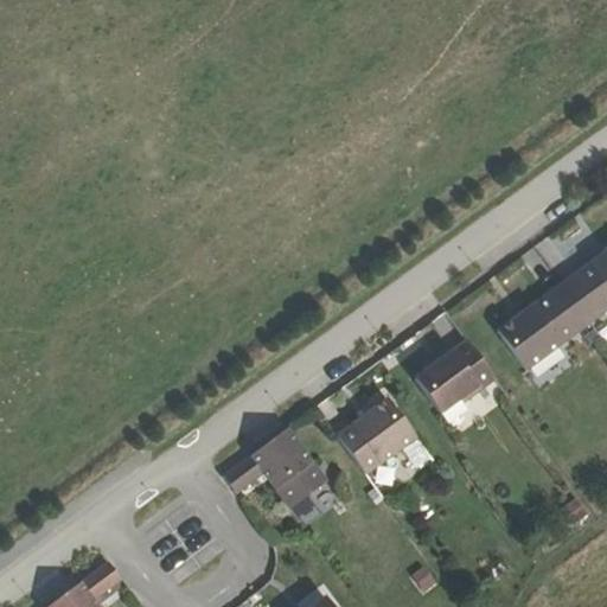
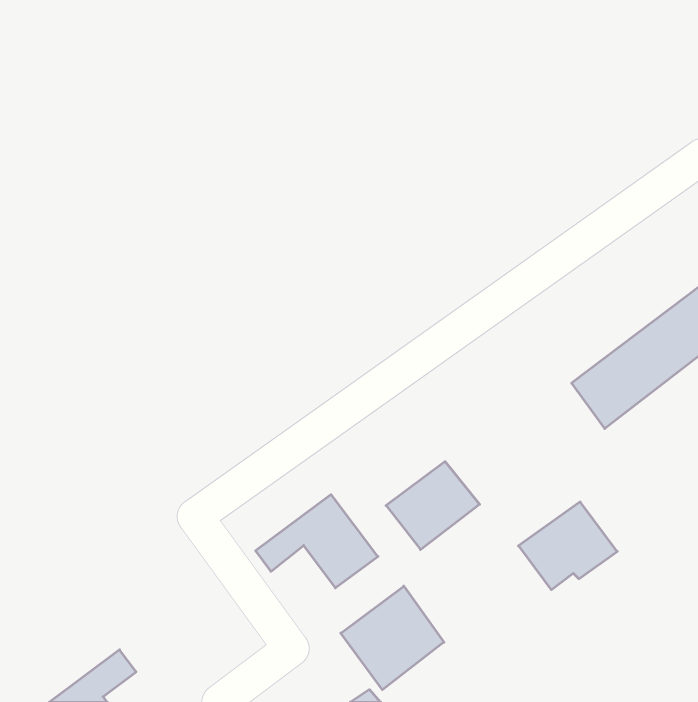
building: [413,340,498,416] -> [518,502,617,590]
building: none -> [341,586,444,690]

